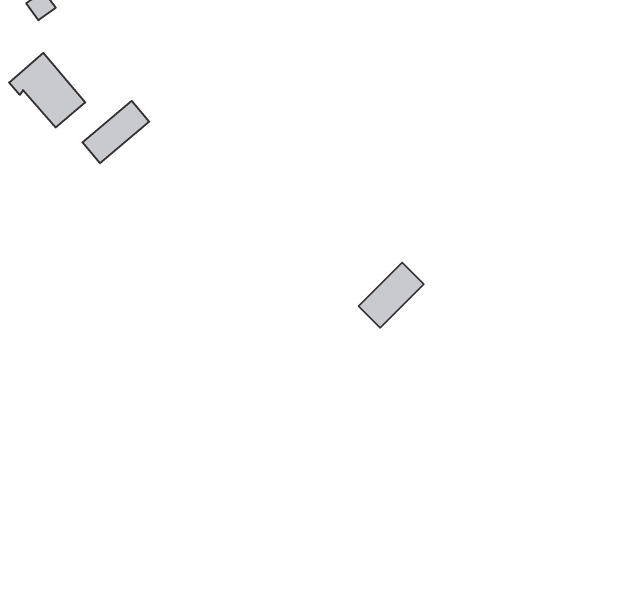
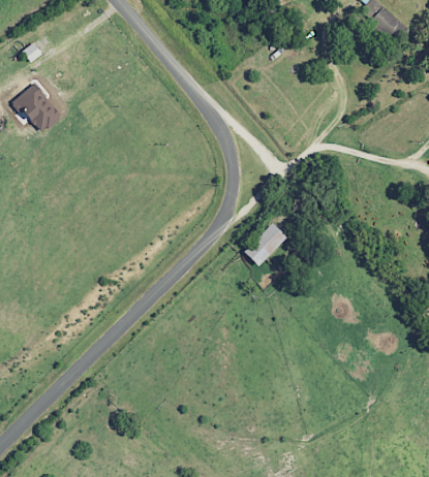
building: [82,101,149,163] -> none

